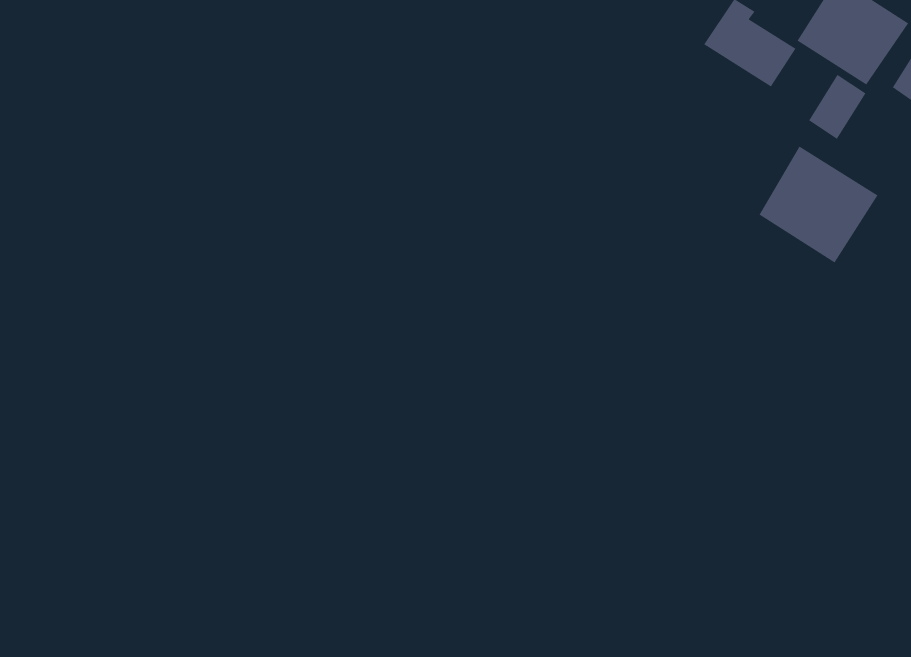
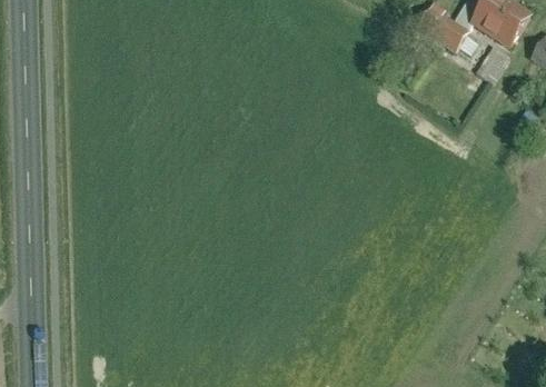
building: [758,146,878,263] -> none

